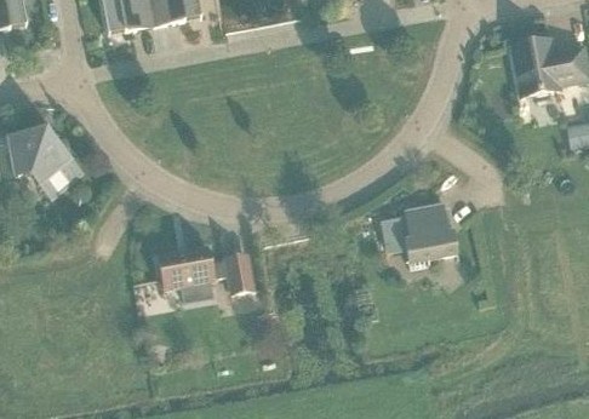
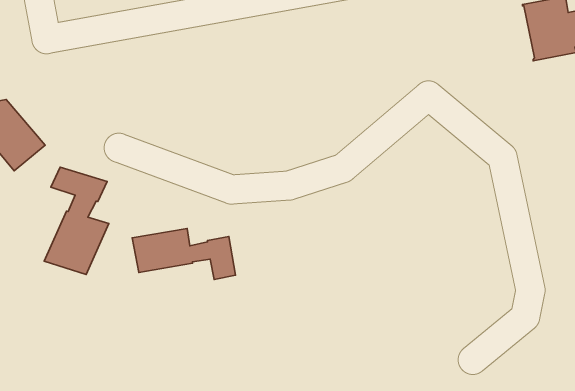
building: none -> [44,167,109,275]
building: [381,202,459,266] -> none

